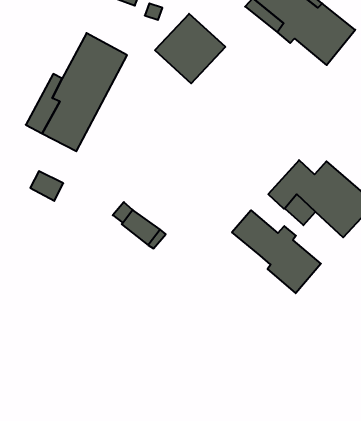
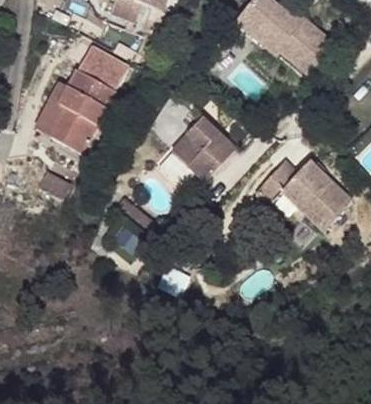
building: [155,14,225,83] -> [171,116,235,179]
building: [232,210,321,293] -> none

